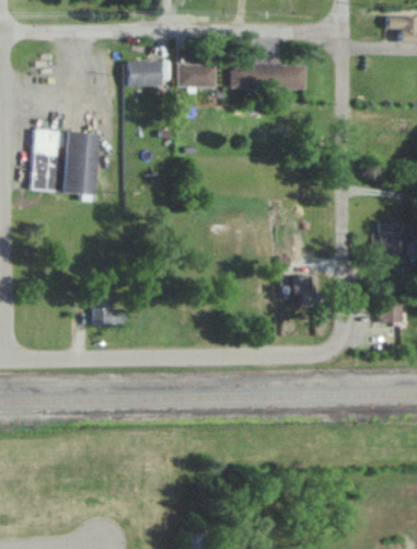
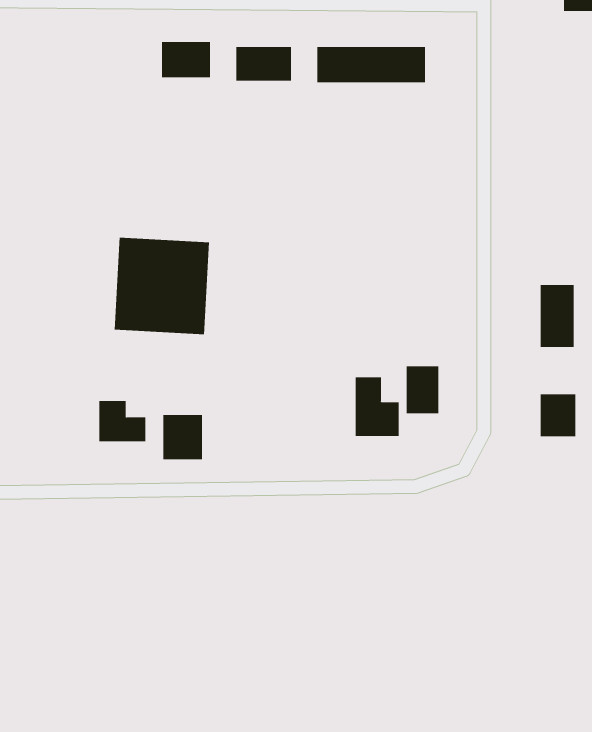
building: [33,129,96,194] -> [114,237,210,335]
building: none -> [355,377,399,437]
building: none -> [163,414,203,460]

